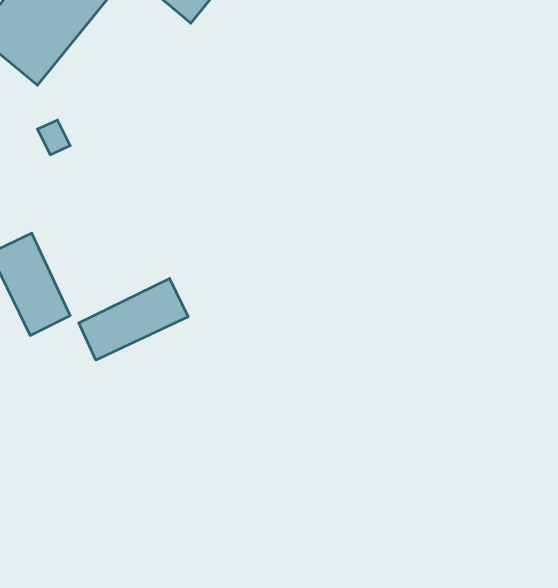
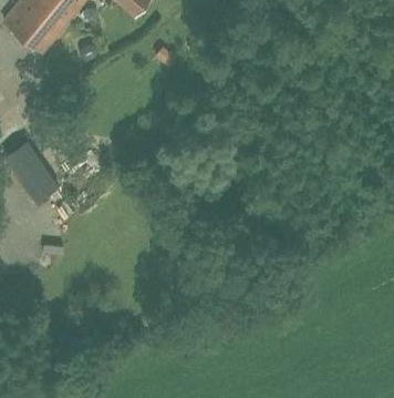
building: [79,278,188,360] -> none

